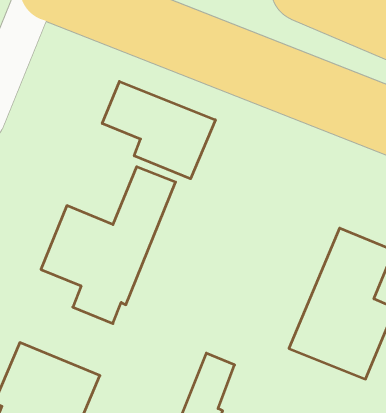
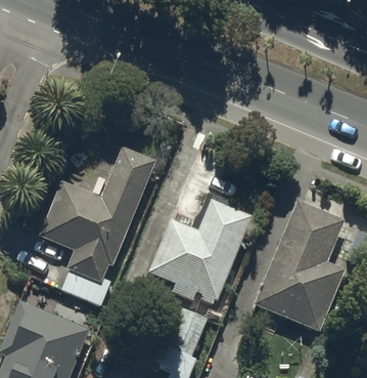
building: [102,81,215,179] -> none
building: none -> [148,199,253,304]

